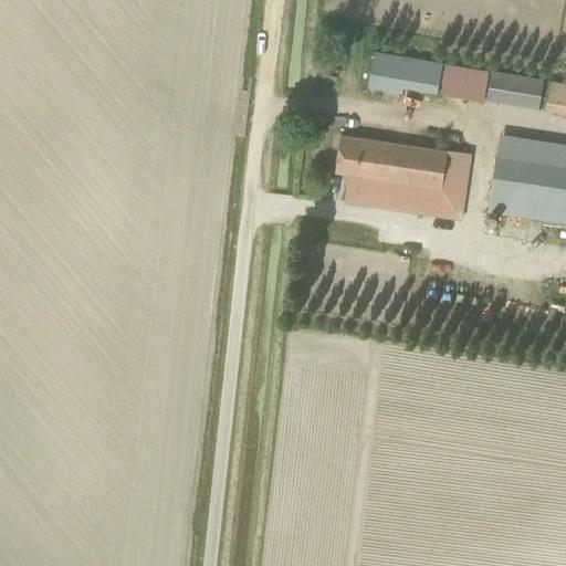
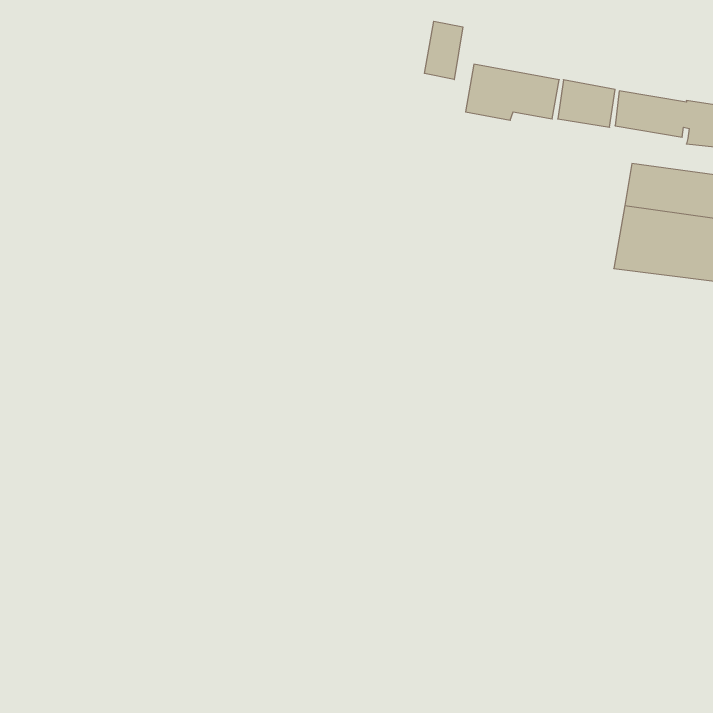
building: none -> [424,21,463,80]
building: [336,135,472,220] -> none

